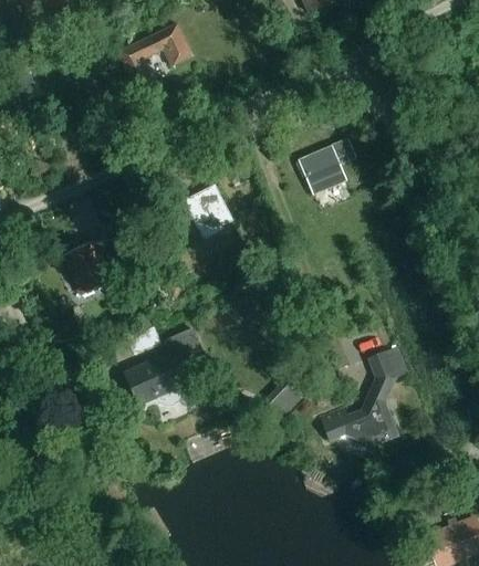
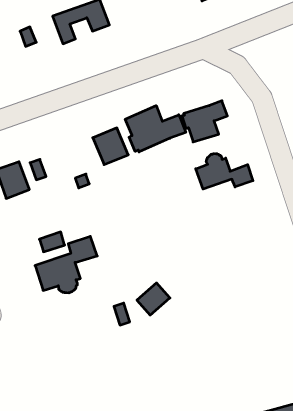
building: none -> [125,106,186,152]
building: none -> [196,154,253,189]
building: [323,347,408,446] -> none

